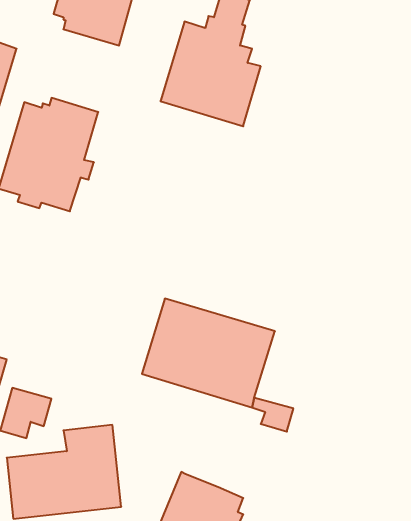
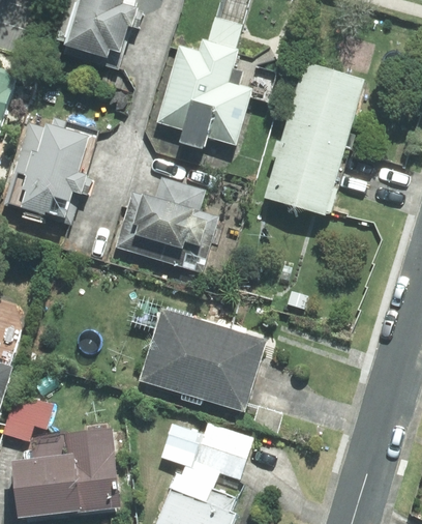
building: none -> [264,62,362,214]
building: none -> [115,177,218,272]
building: none -> [160,423,252,488]

